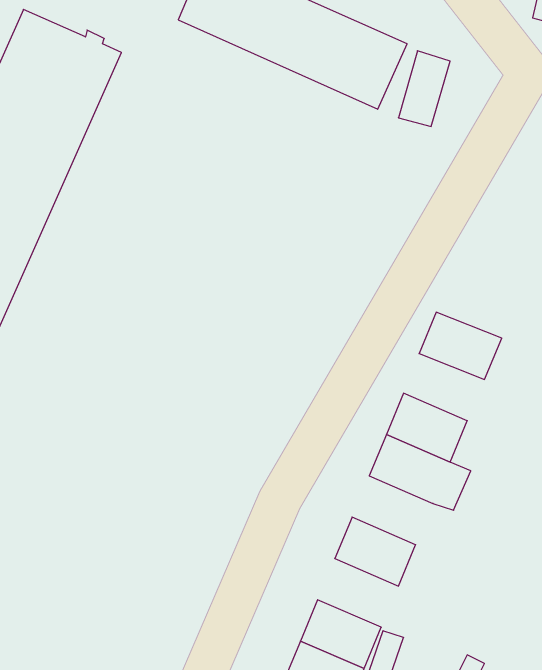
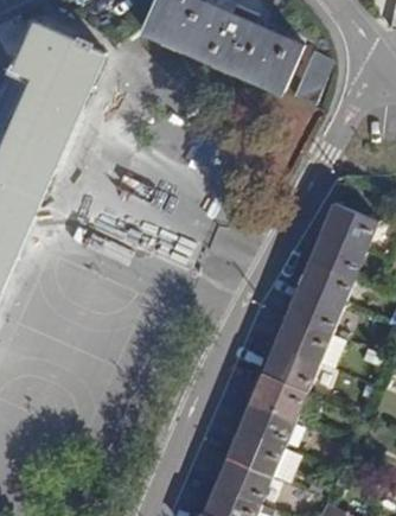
building: none -> [322,202,379,248]
building: none -> [300,259,356,305]
building: none -> [264,343,320,390]
building: none -> [241,400,296,447]

